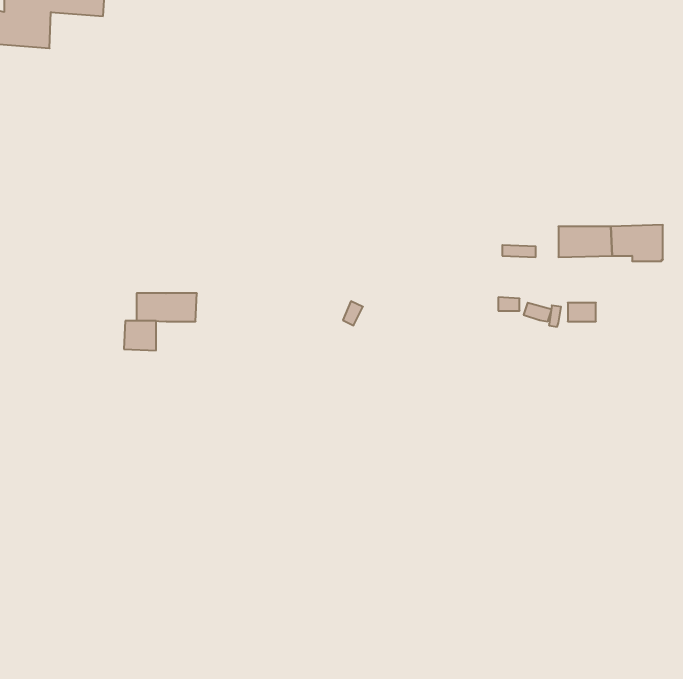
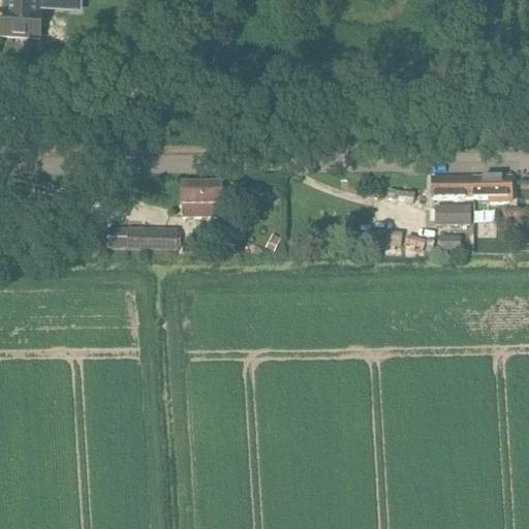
building: none -> [182,180,221,215]
building: none -> [434,204,470,224]
building: [124,321,156,350] -> [151,226,176,249]

